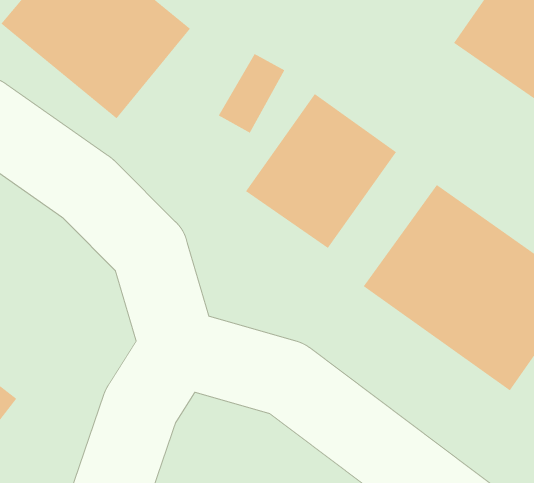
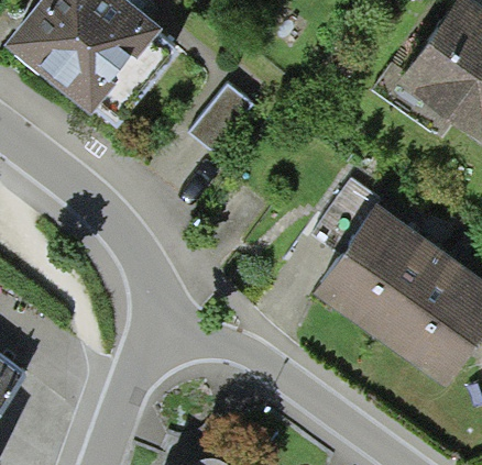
building: [245,93,397,249] -> none

